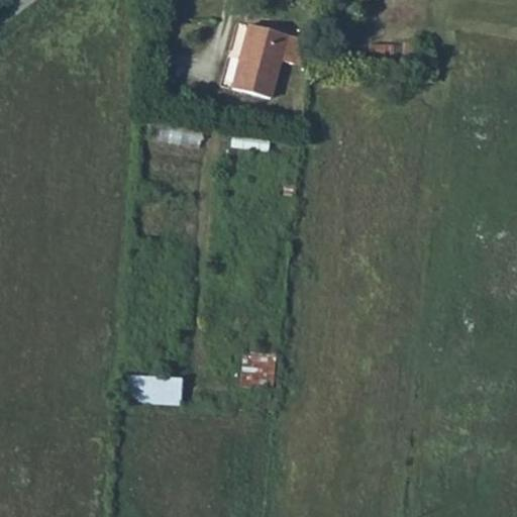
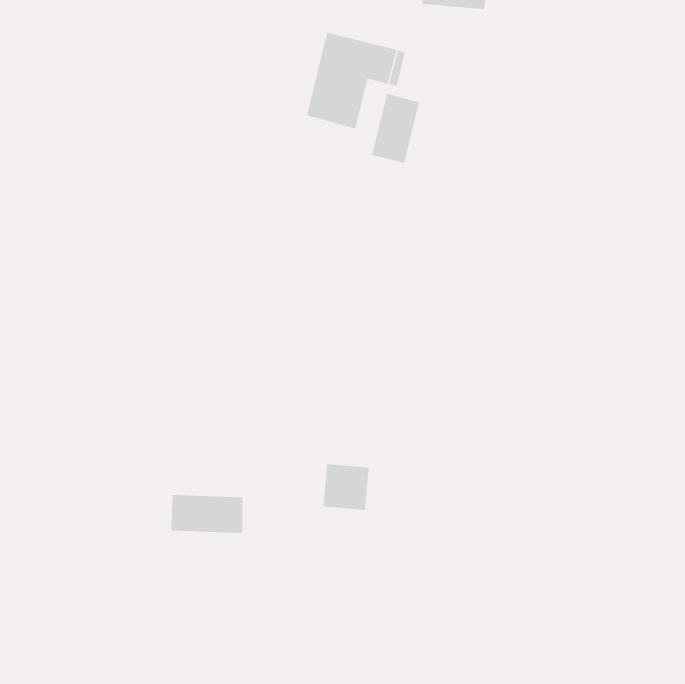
building: none -> [372,93,420,164]

